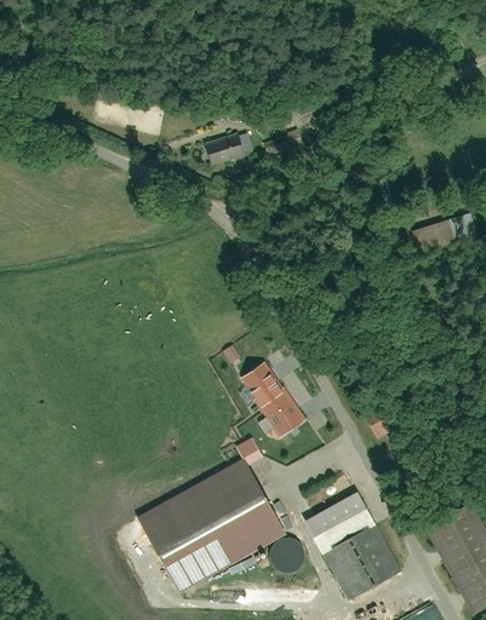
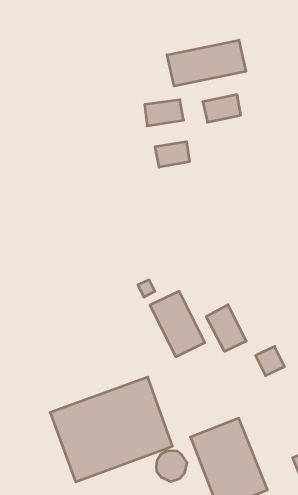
building: none -> [167,40,246,86]
building: none -> [155,142,189,167]
building: none -> [206,305,246,351]

